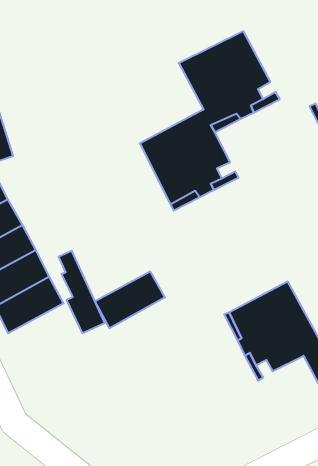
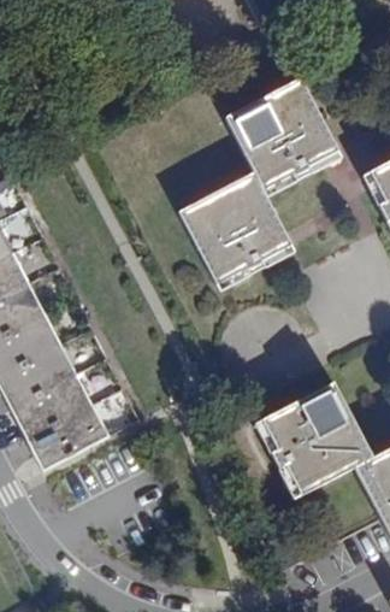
building: [95,271,165,328] -> [14,406,96,472]

